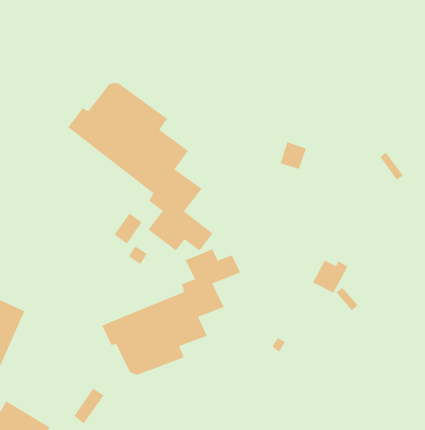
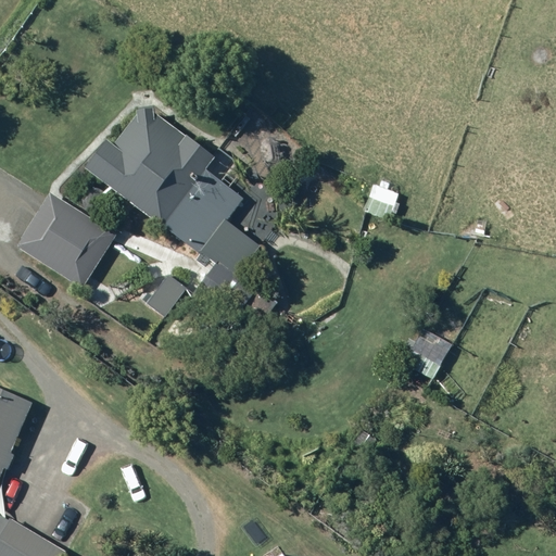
building: none -> [14,192,113,287]
building: [102,249,241,376] -> none

